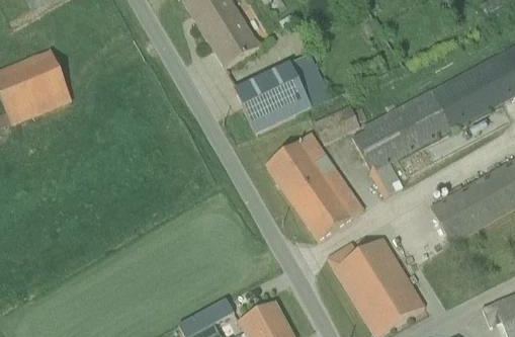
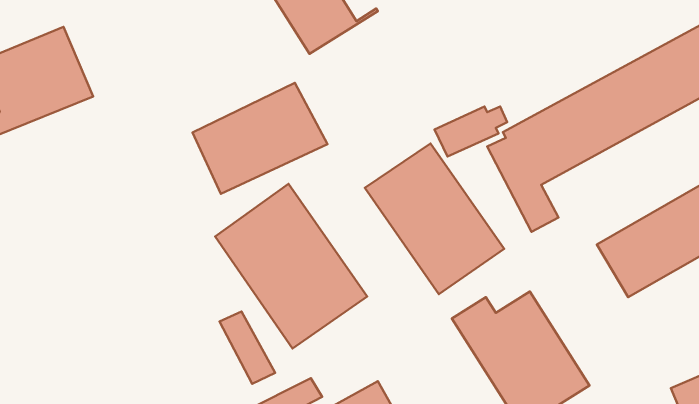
building: [235,54,331,133] -> [192,83,328,194]
building: none -> [215,184,367,349]
building: none -> [220,311,275,384]

